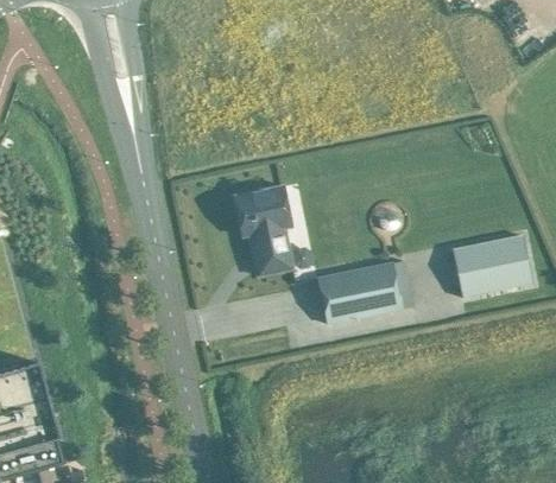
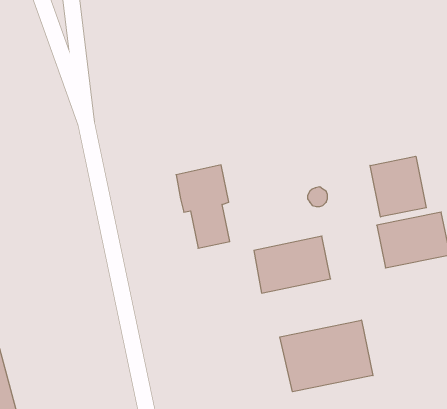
building: none -> [370,156,426,217]
building: none -> [280,320,373,392]

